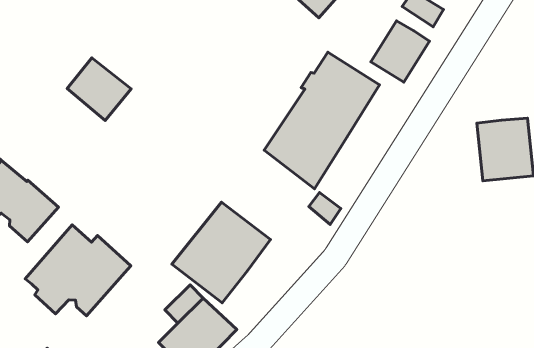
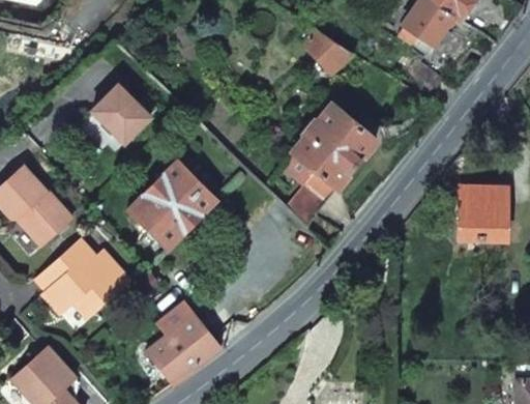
building: [371,21,430,82] -> none
building: [172,202,271,303] -> [126,157,218,249]

